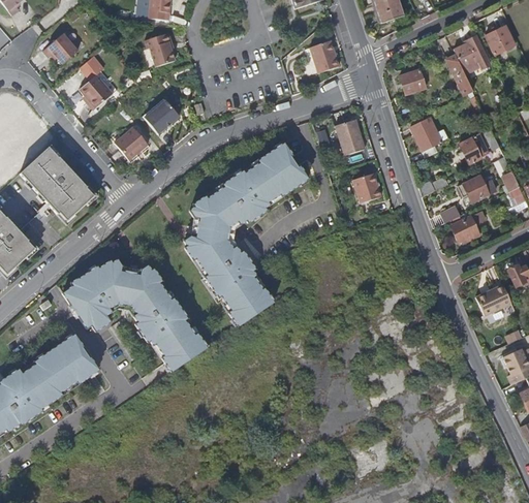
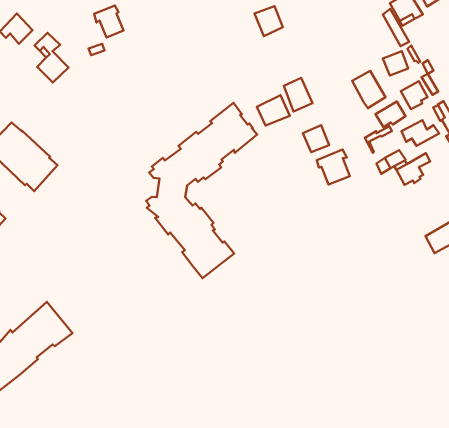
building: [399,69,425,94] -> [383,51,408,76]
building: [145,99,179,133] -> none
building: [114,126,147,160] -> none
building: none -> [257,95,290,125]
building: none -> [376,101,406,127]
building: none -> [317,149,350,185]
building: [61,258,209,372] -> none

